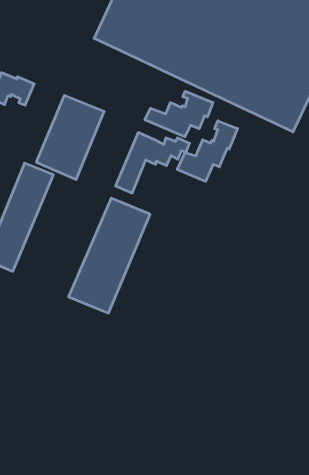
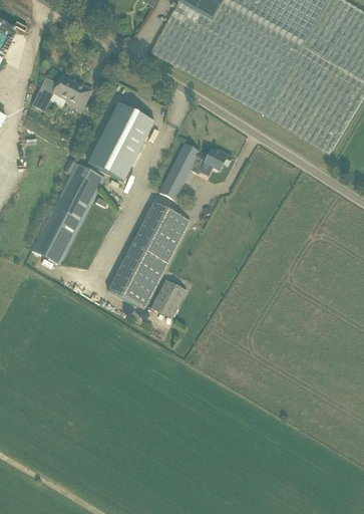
building: [145,91,213,137] -> none
building: [177,121,238,181] -> none
building: none -> [151,278,188,318]

